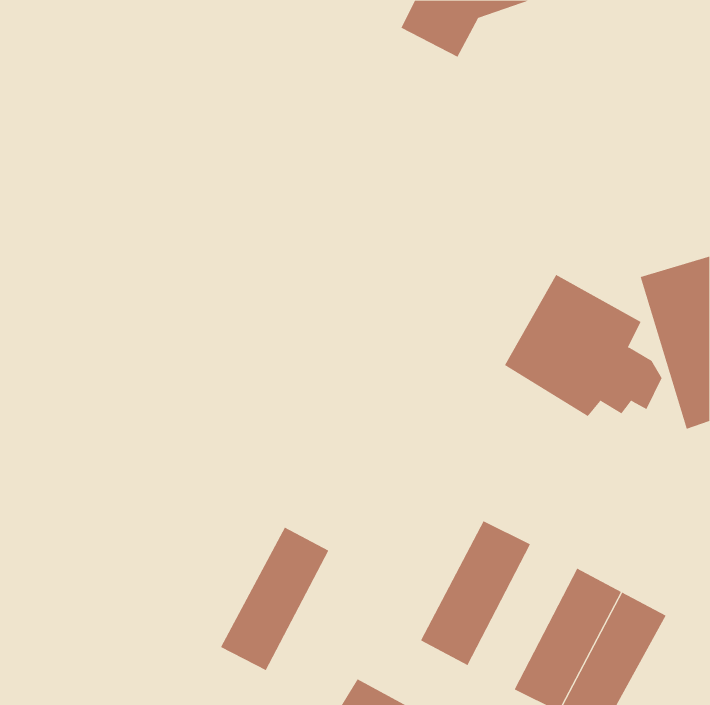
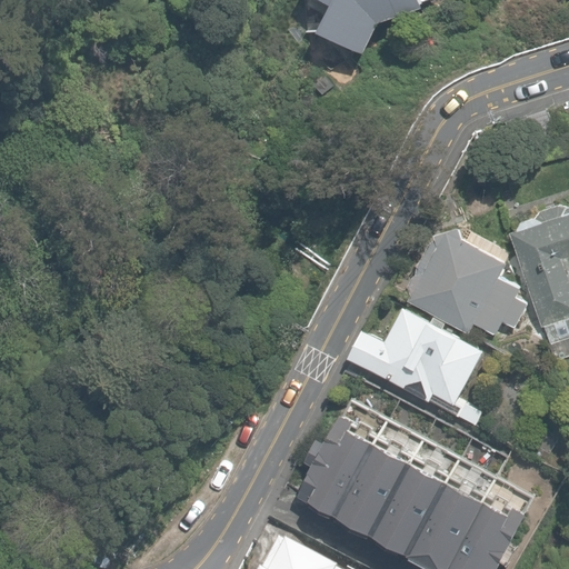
building: none -> [351,309,486,421]
building: [220,527,329,671] -> [297,402,383,517]
building: none -> [371,440,458,556]

